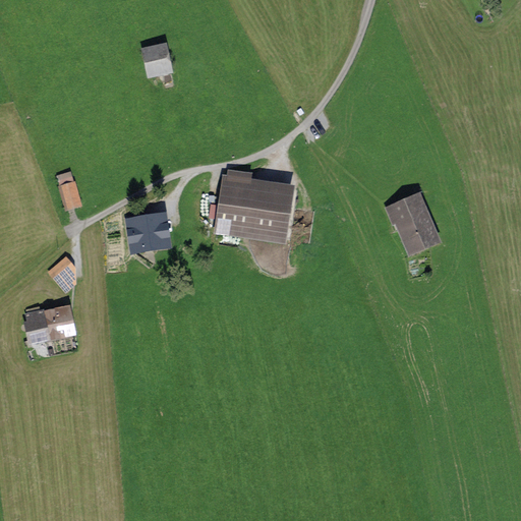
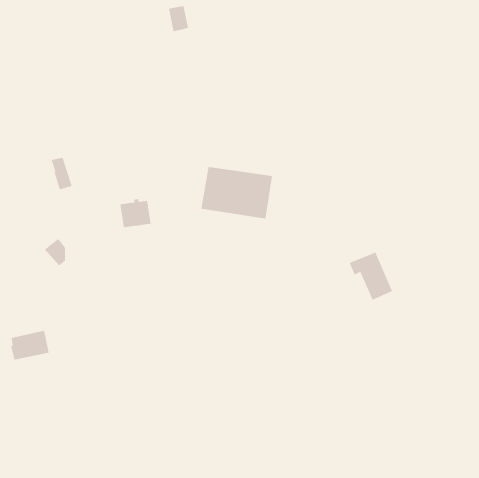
building: [143,43,166,71] -> [168,6,189,32]
building: [385,195,432,248] -> [349,252,393,301]
building: [25,305,68,338] -> [10,330,50,360]

